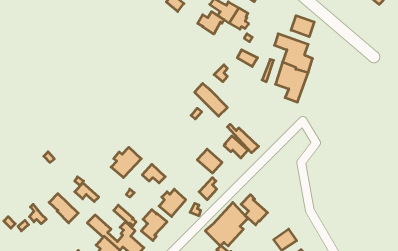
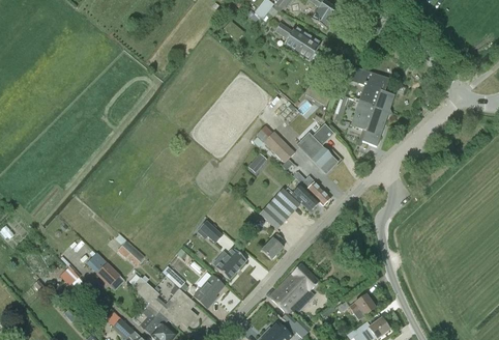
building: [198,12,224,34] -> none
building: [291,16,314,37] -> none
building: none -> [297,122,334,171]
building: none -> [270,188,298,216]
building: [111,147,141,178] -> none
building: [241,195,268,225] -> none

